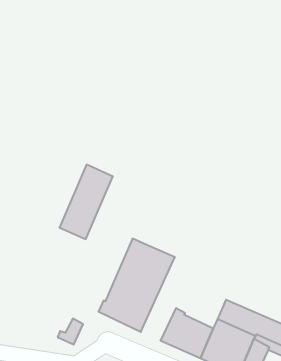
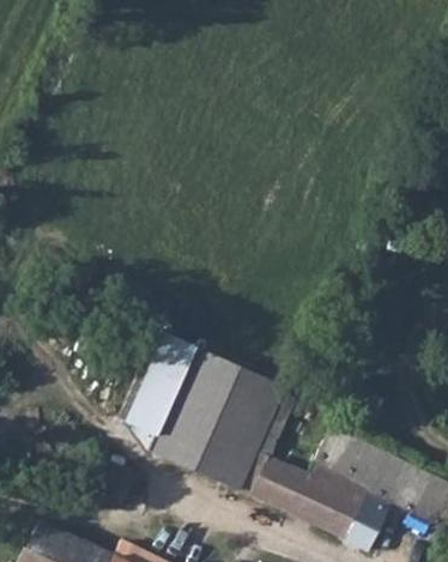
building: [59,165,113,239] -> [122,330,198,435]
building: none -> [210,373,285,490]

